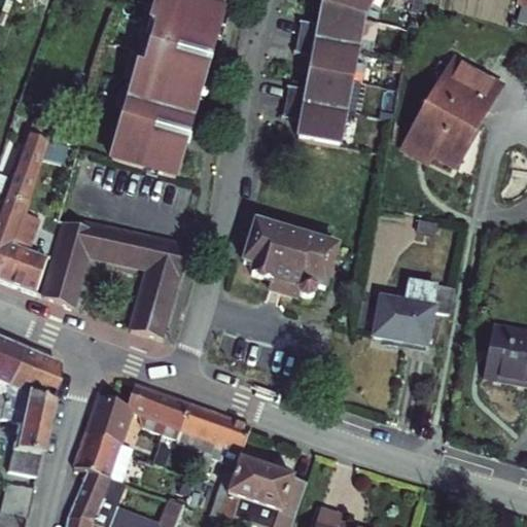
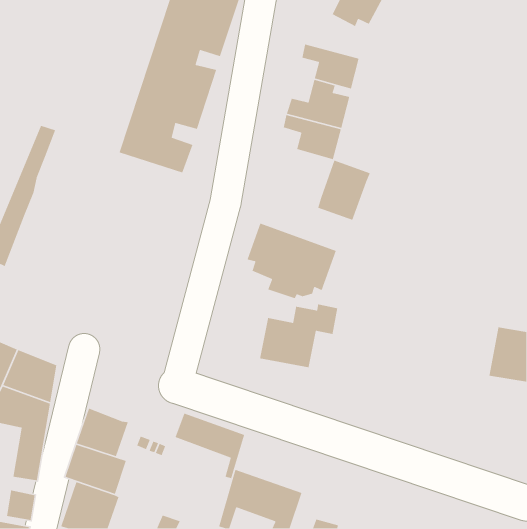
building: [302,14,363,58] -> none
building: [401,57,496,164] -> none
building: none -> [317,160,371,221]
building: [5,214,54,279] -> none
building: [50,216,191,333] -> none
building: [373,281,451,345] -> [259,304,338,368]
building: [121,389,182,433] -> none

